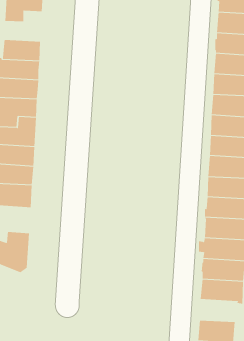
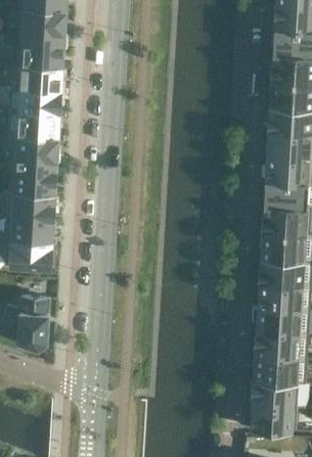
building: none -> [16,32,63,68]
building: none -> [252,380,299,408]

